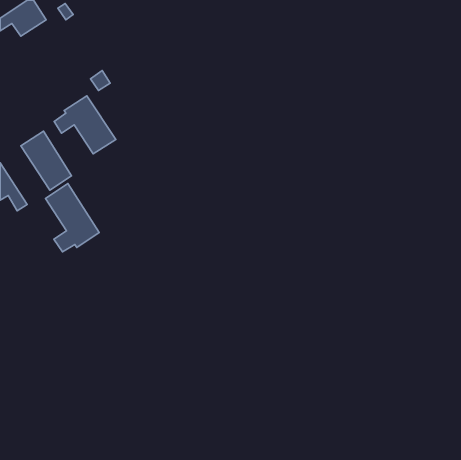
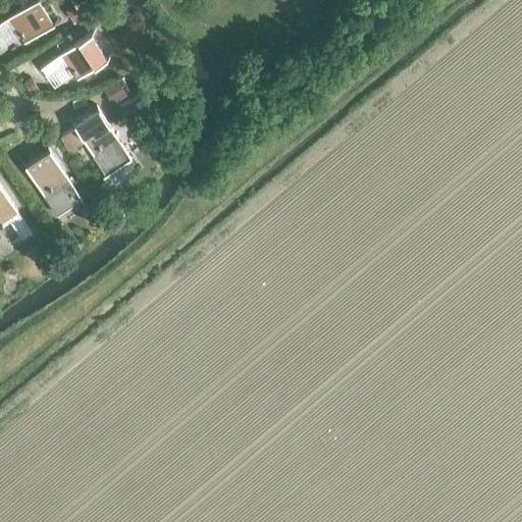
building: none -> [41,36,106,81]
building: [45,183,99,252] -> none

